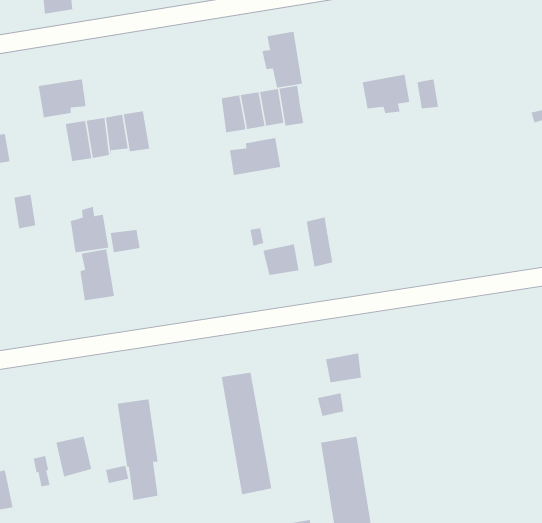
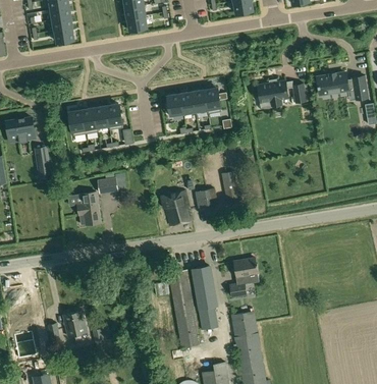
building: [261,31,303,89] -> none
building: none -> [317,72,367,99]
building: [38,78,87,118] -> none
building: [229,137,281,176] -> none
building: [70,206,109,253] -> none
building: none -> [160,189,192,225]
building: [117,398,159,501] -> [191,265,217,330]

